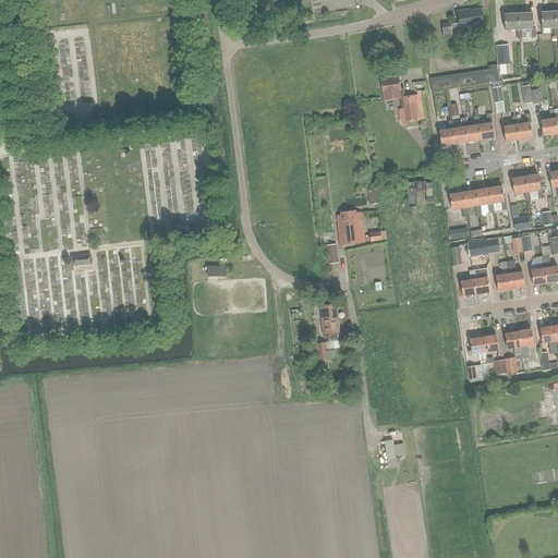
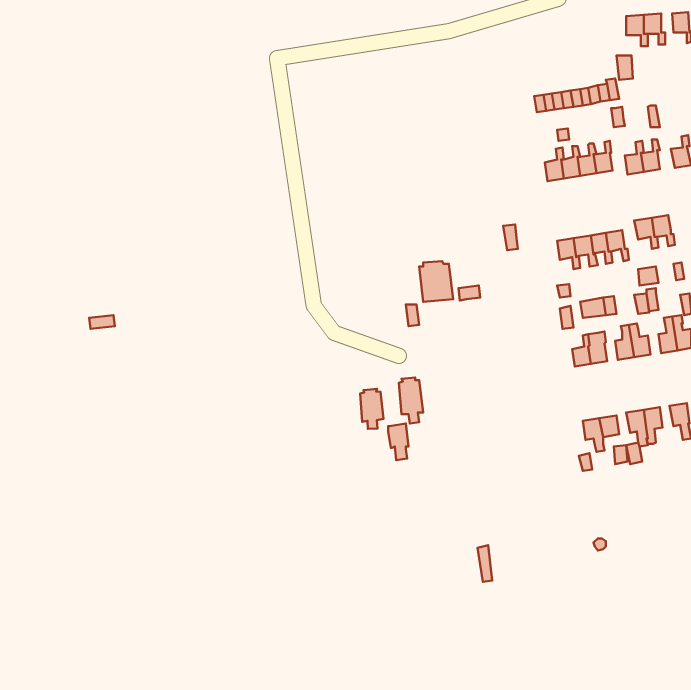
building: [441,8,483,38] -> none
building: [381,75,417,119] -> none
building: none -> [360,389,383,429]

